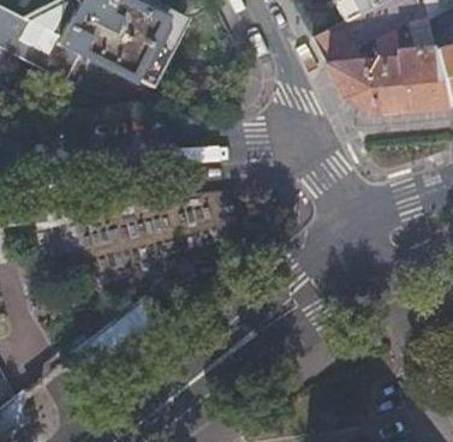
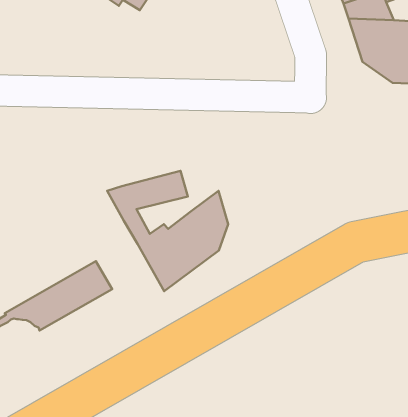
building: none -> [107,171,228,291]

